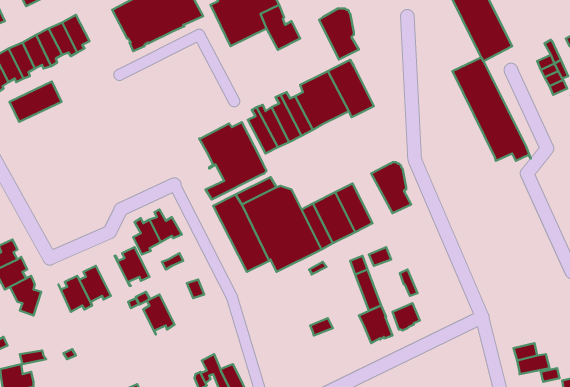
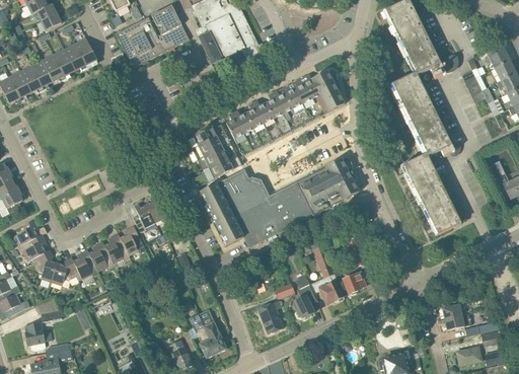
building: [319,8,359,60] -> [312,70,345,111]
building: [10,82,61,122] -> none
building: none -> [403,153,461,234]
building: none -> [311,166,344,207]
building: none -> [52,256,82,285]
building: [143,294,174,334] -> [104,233,130,266]
building: none -> [295,275,315,317]
building: none -> [257,300,284,333]

